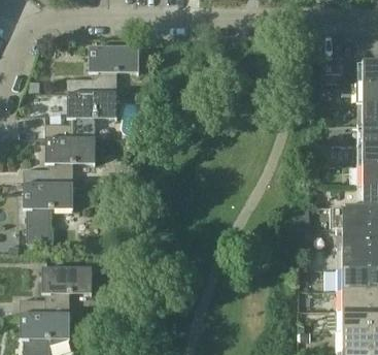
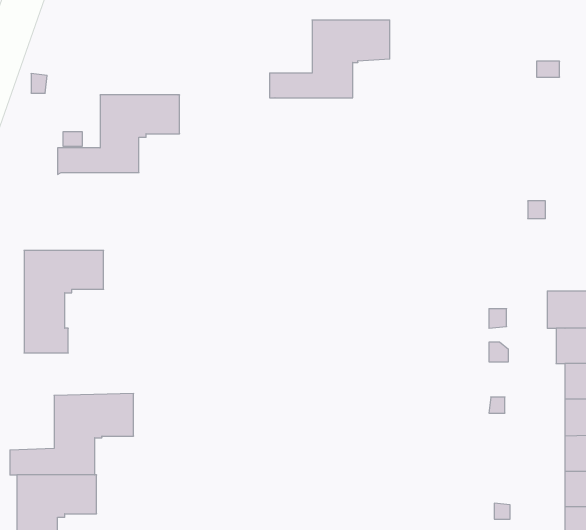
building: [68,47,138,93] -> [270,20,390,98]
building: [24,138,95,184] -> none

